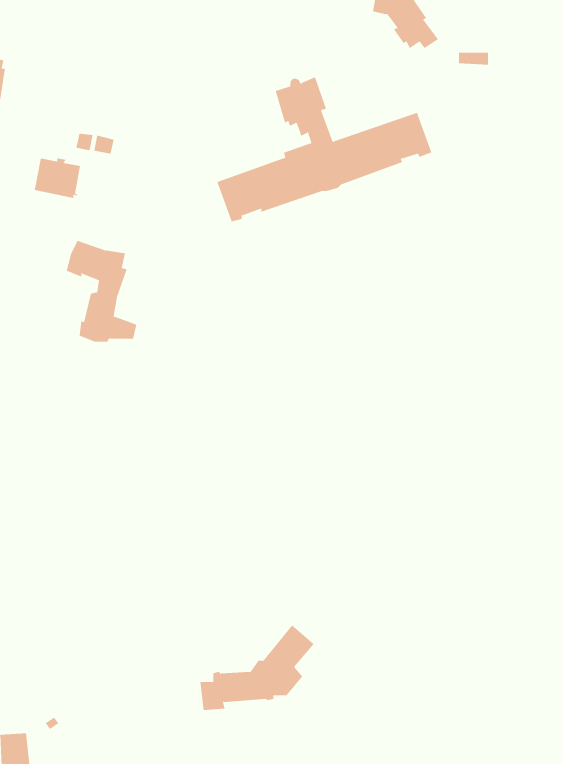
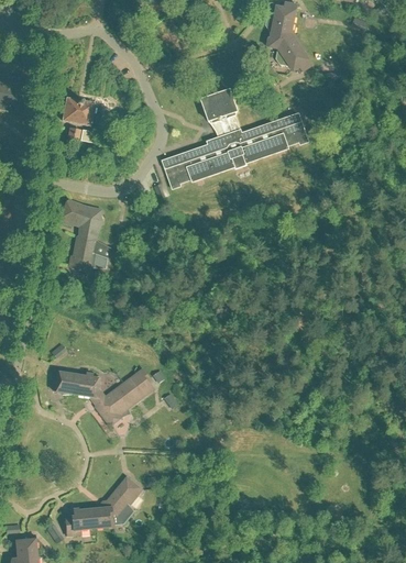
building: [34,158,81,198] -> [61,98,92,125]
building: none -> [53,368,153,426]
building: [200,625,315,711] -> [63,476,141,534]

